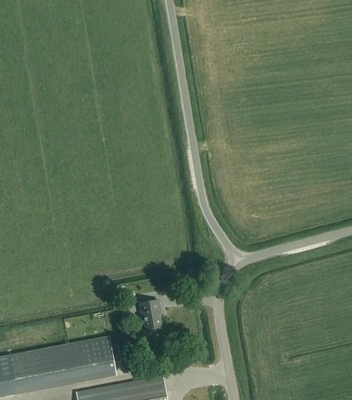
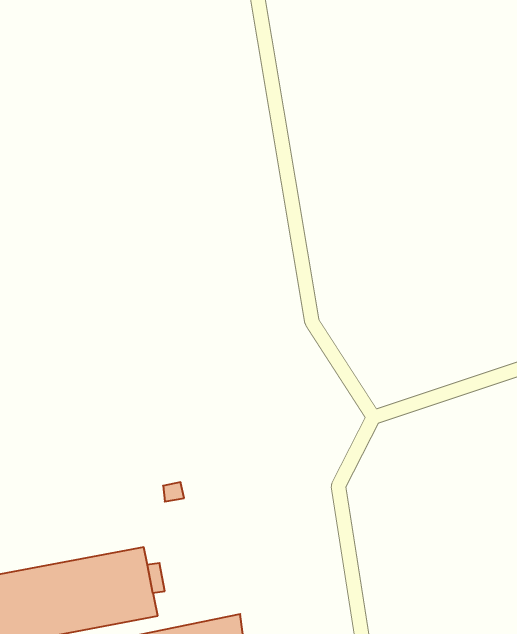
building: [139,301,160,333] -> none

